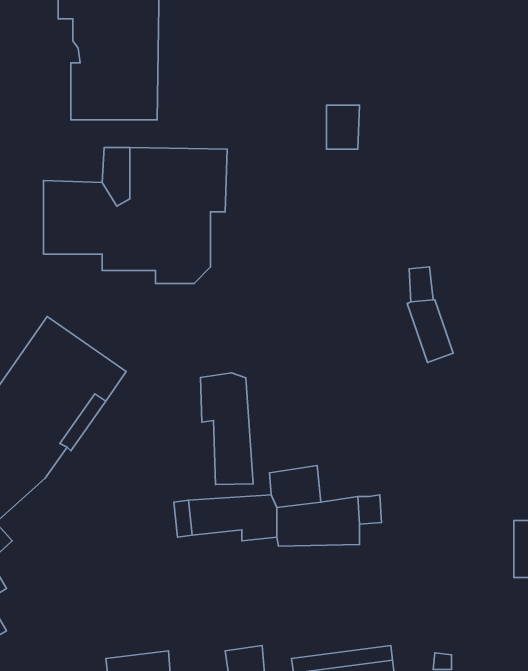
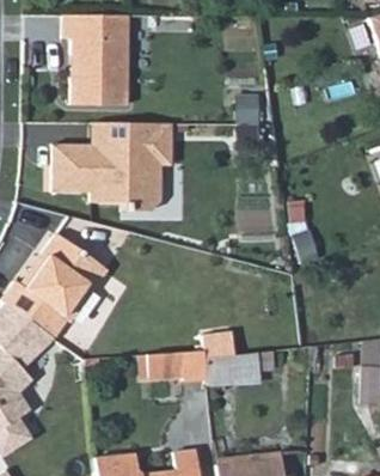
building: [200,373,253,485] -> none

